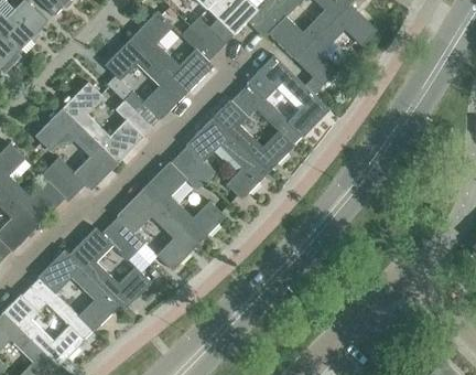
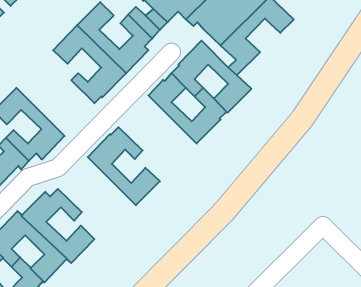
building: [62,82,151,164] -> none
building: [178,118,268,200] -> none
building: [109,189,198,271] -> none

